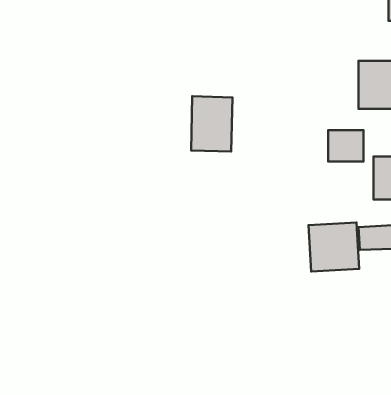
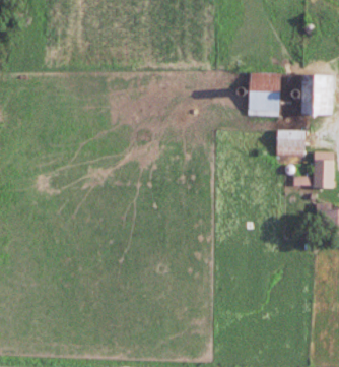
building: [191,96,233,152] -> [247,72,280,117]
building: [309,223,359,271] -> none

